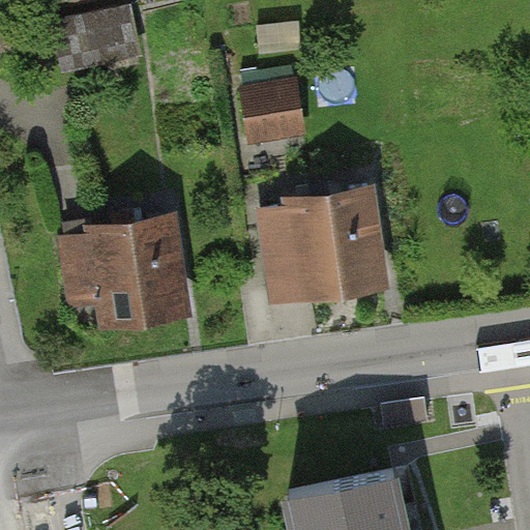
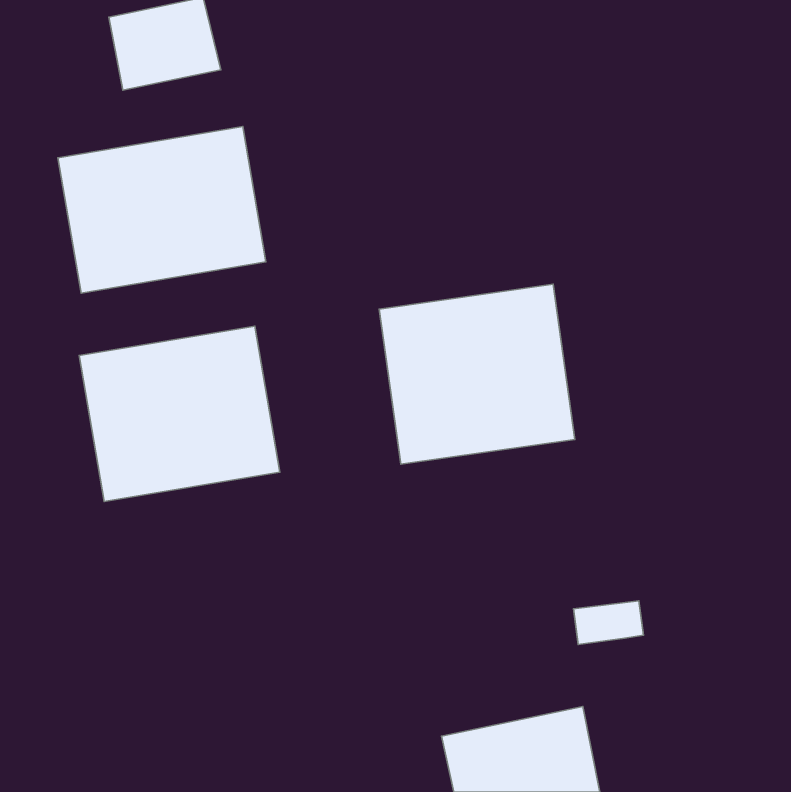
building: [243,76,312,145] -> none
building: none -> [58,127,266,293]

